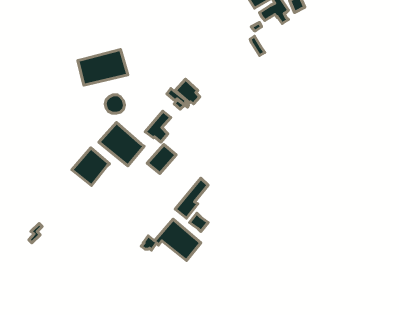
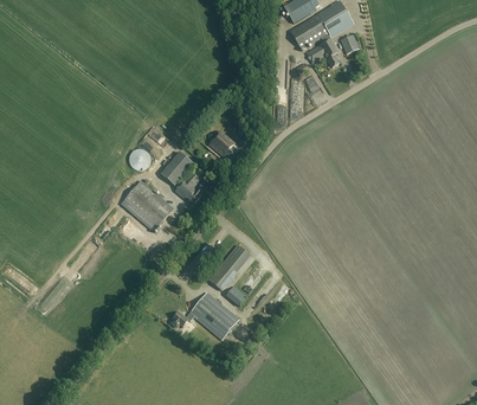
building: [78,49,128,85] -> none
building: [147,145,176,173] -> [160,152,193,185]
building: [72,148,109,185] -> none

